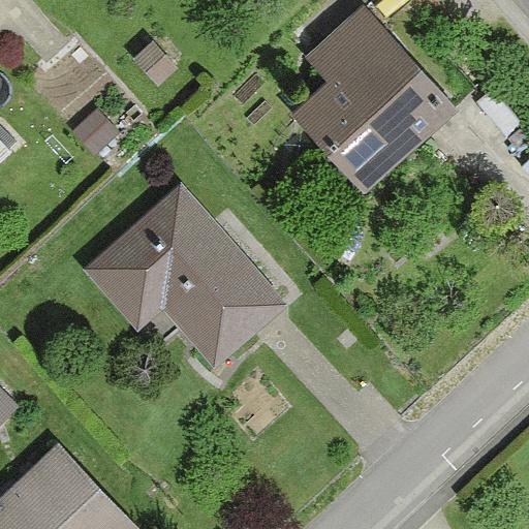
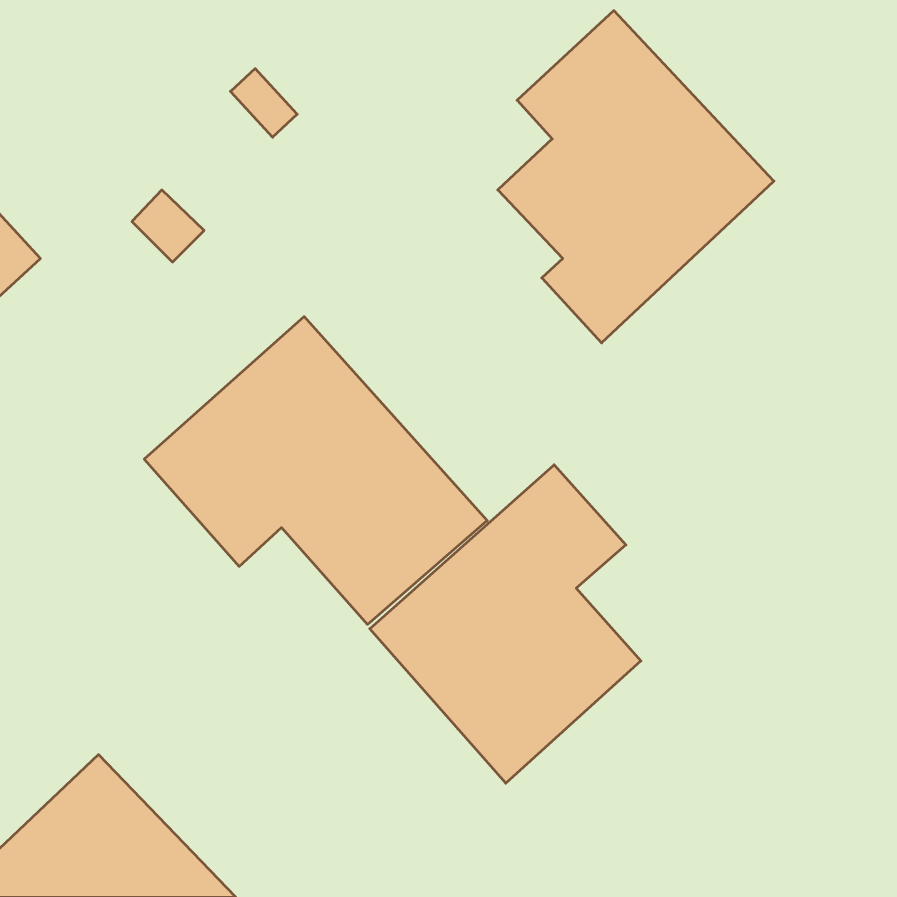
building: none -> [370,465,641,783]

